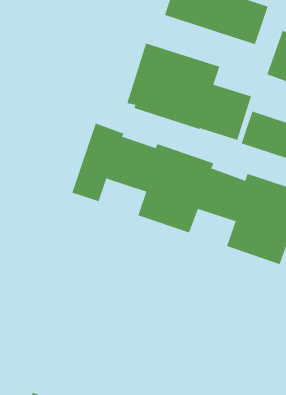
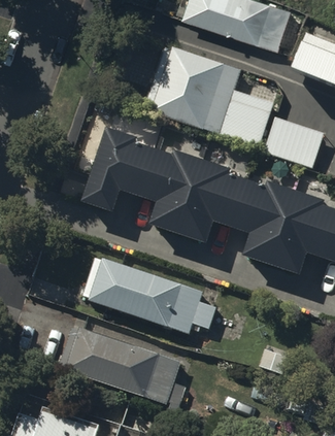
building: none -> [81,257,214,334]
building: none -> [58,327,183,405]

